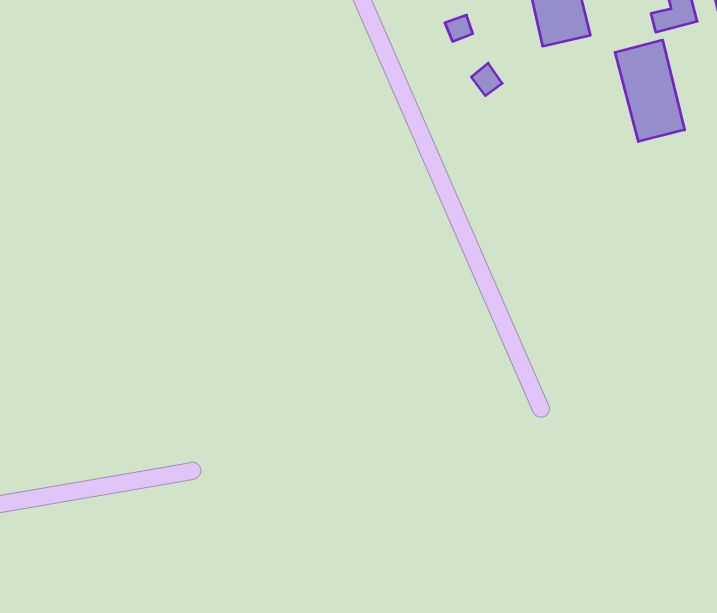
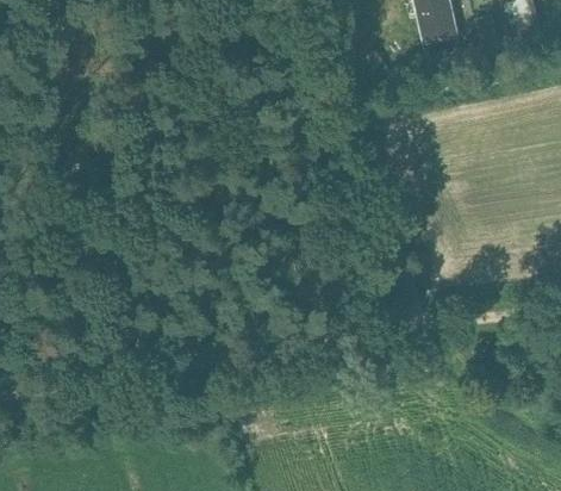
building: [615,40,685,142] -> none

